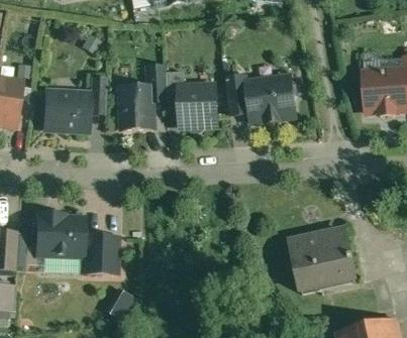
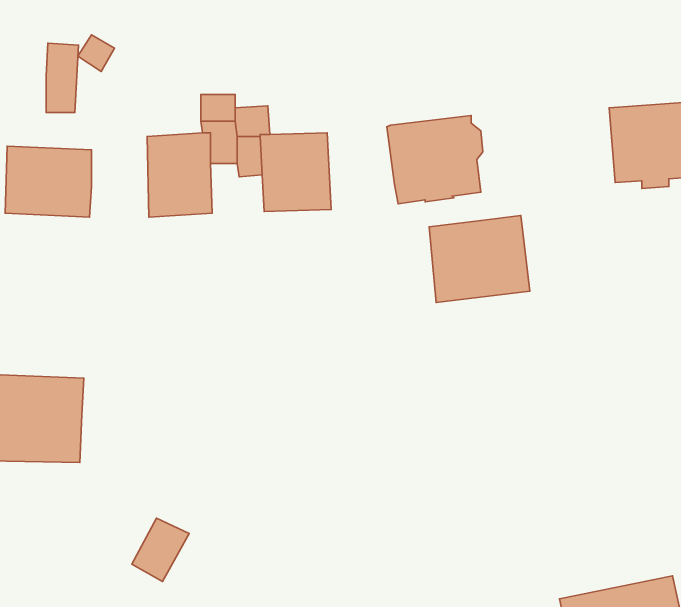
building: [225,76,249,114] -> none
building: [90,77,107,113] -> [46,43,79,112]
building: none -> [429,216,530,303]
building: [291,230,354,293] -> none
building: [84,233,117,271] -> none

